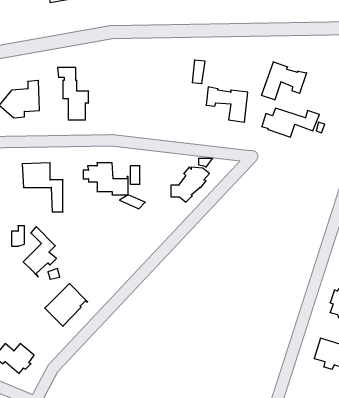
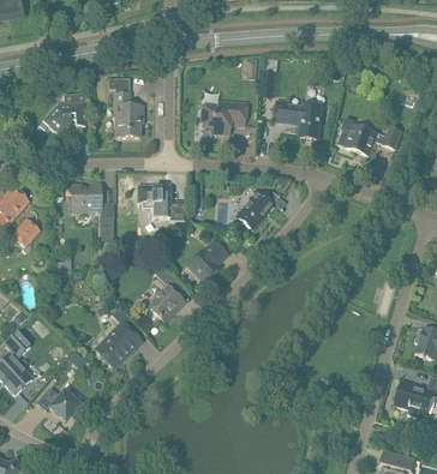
building: [261,62,307,100] -> none
building: none -> [200,102,246,134]
building: none -> [187,241,227,282]
building: [23,227,56,277] -> [148,265,185,322]

